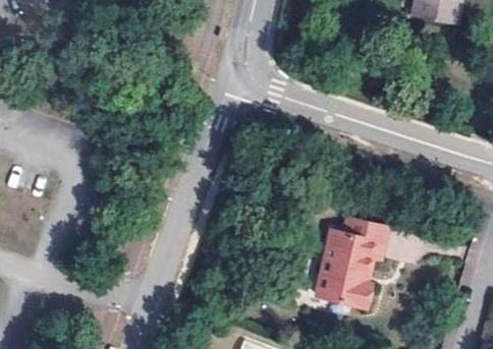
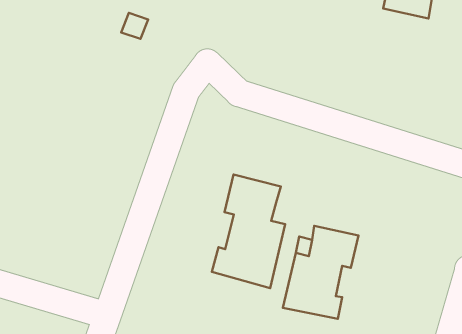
building: none -> [212,175,285,288]

